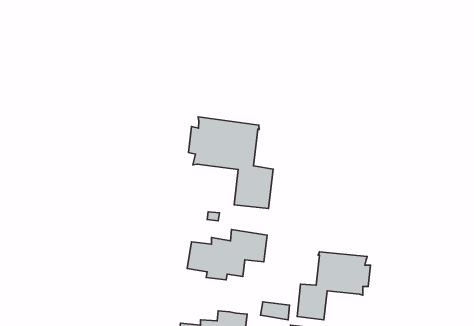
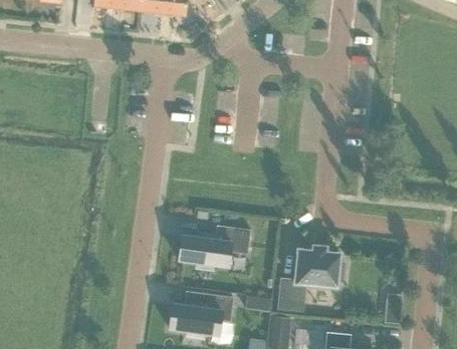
building: [188,117,273,208] -> none

